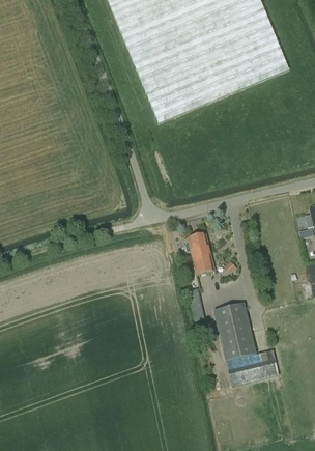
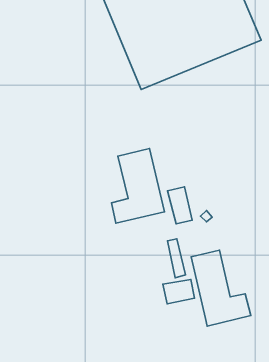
building: none -> [112,149,164,223]
building: none -> [163,279,195,304]

